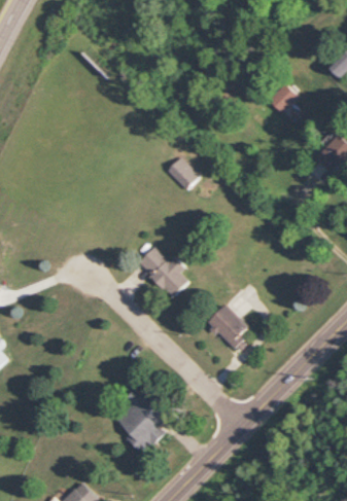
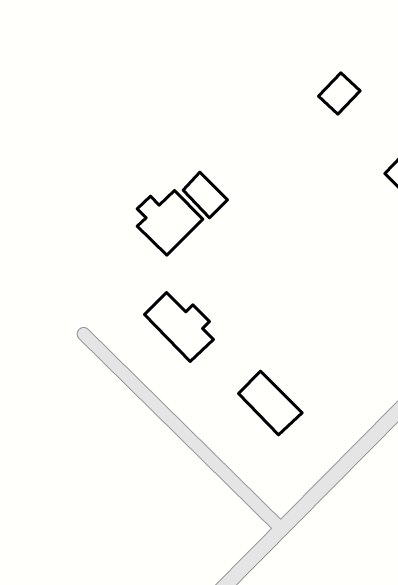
building: none -> [137,191,203,255]
building: [115,389,169,454] -> none

